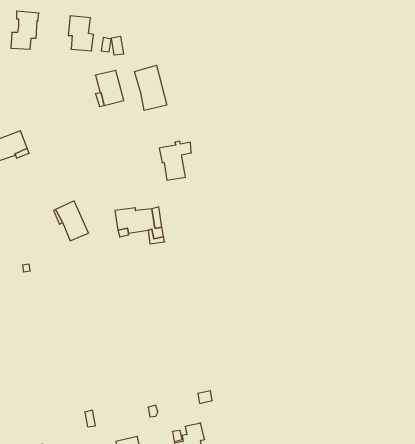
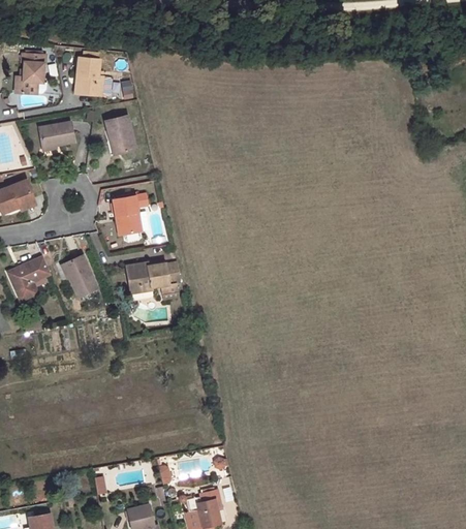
building: [135,65,167,110] -> none
building: none -> [39,122,74,147]
building: [159,141,191,180] -> [114,192,148,234]
building: none -> [8,256,51,301]

